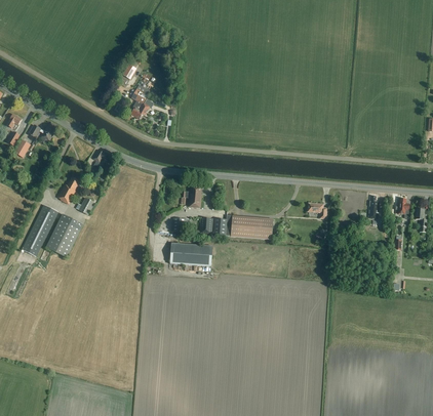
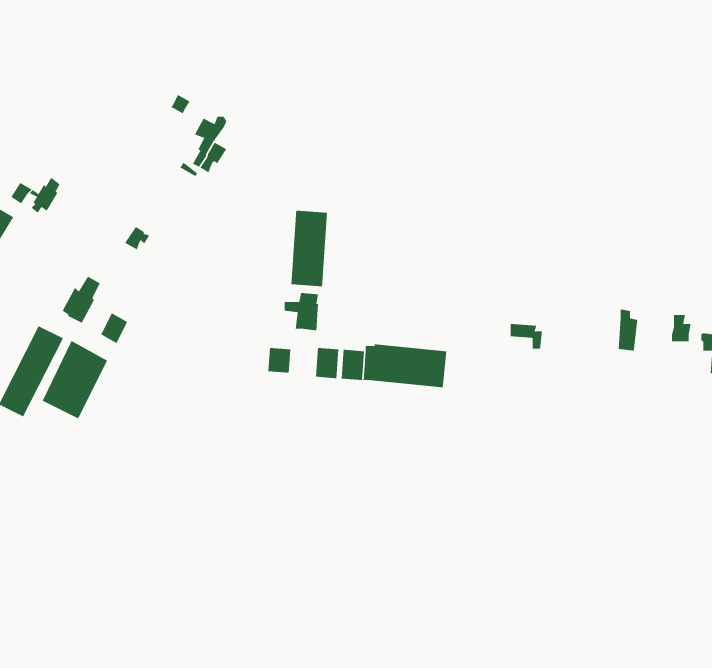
building: none -> [291,210,328,287]
building: [170,242,213,265] -> none

